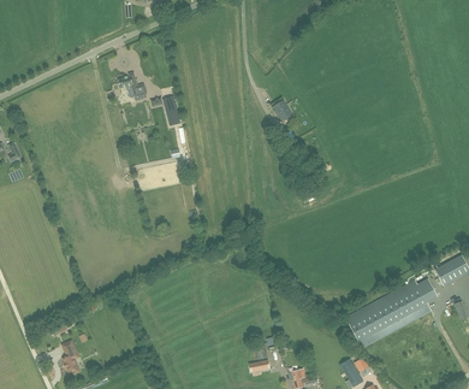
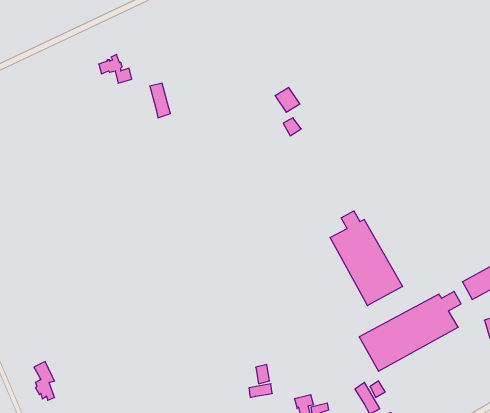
building: none -> [330,211,403,306]

